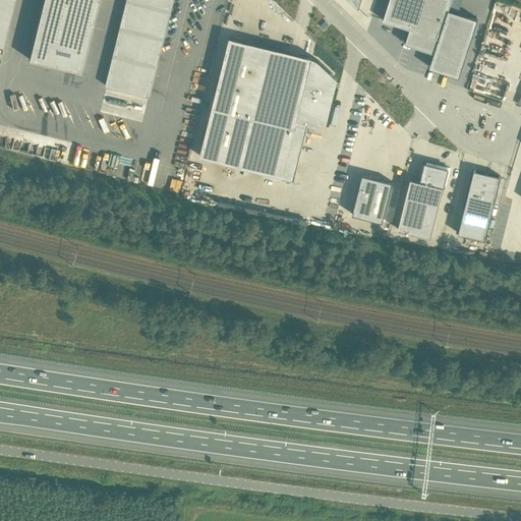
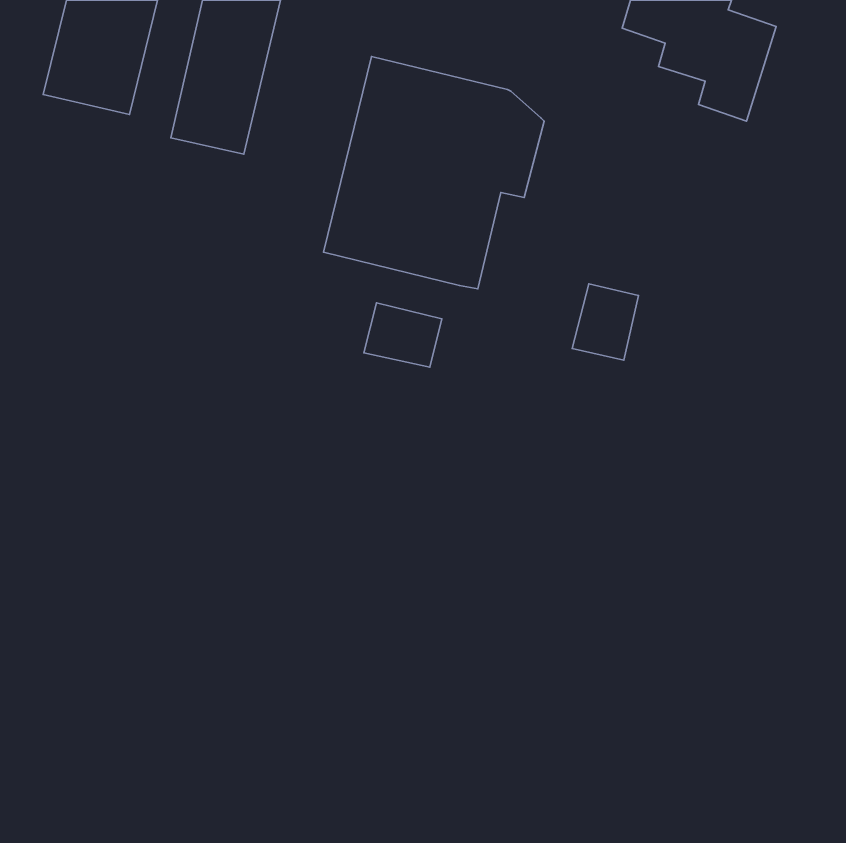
building: [397,163,448,237] -> none
building: [457,170,501,240] -> none
building: none -> [364,303,442,367]

